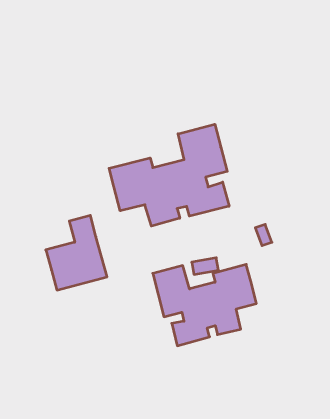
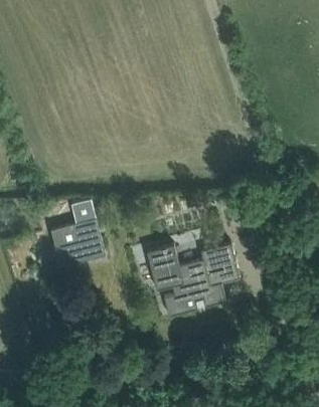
building: [109,124,229,226] -> none

